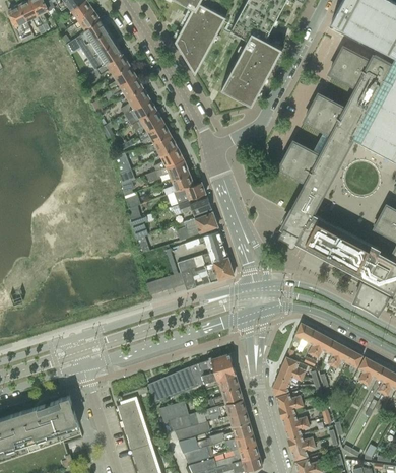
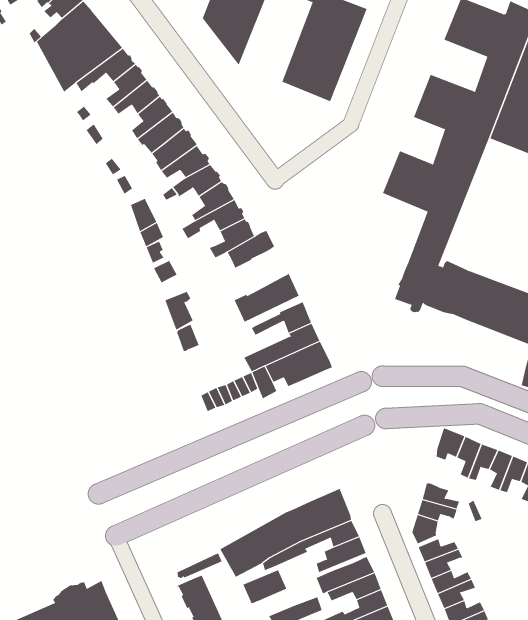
building: [178,196,211,215] -> none

